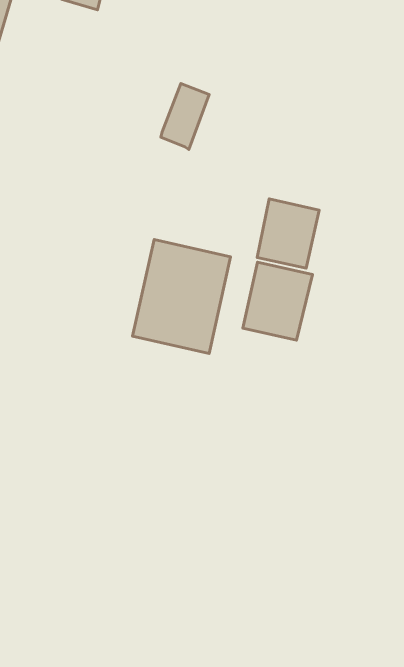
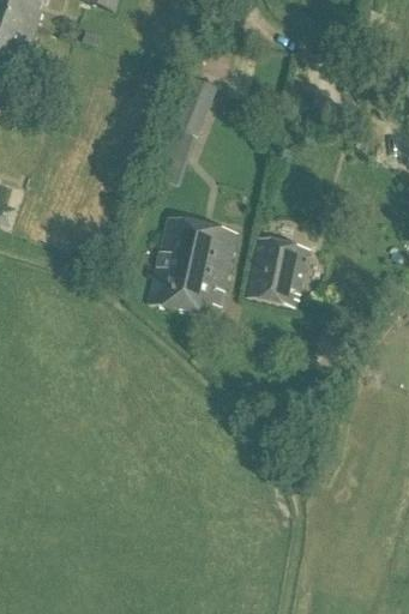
building: [257,199,319,268] -> none

